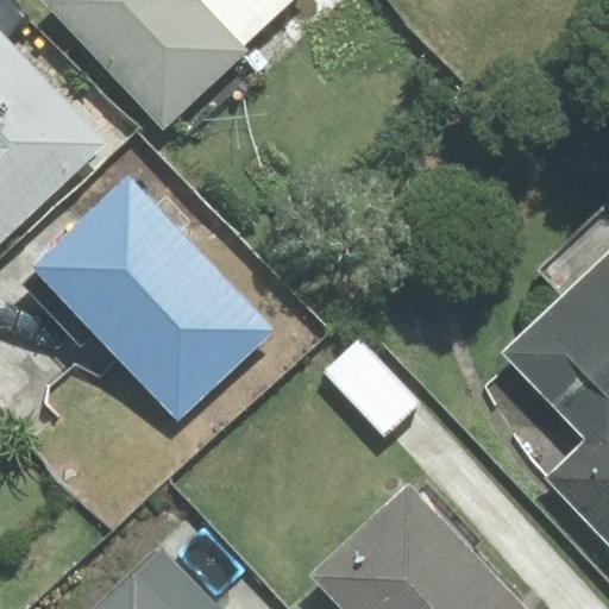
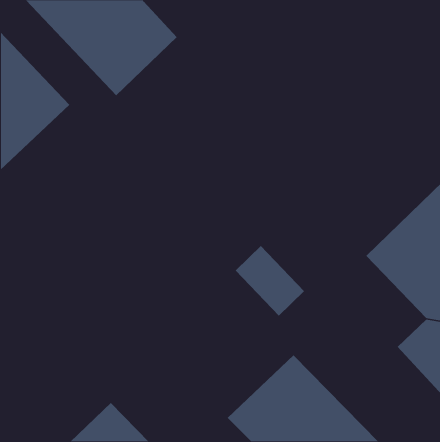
building: [30,176,274,421] -> none

